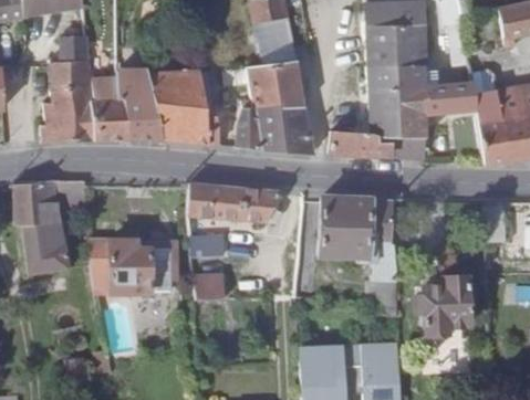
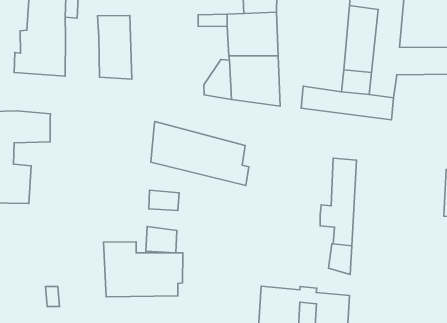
building: [152,72,217,146] -> none
building: [90,101,127,143] -> none
building: [319,197,368,256] -> none
building: [89,233,170,291] -> [104,242,183,297]
building: [415,267,457,323] -> none

